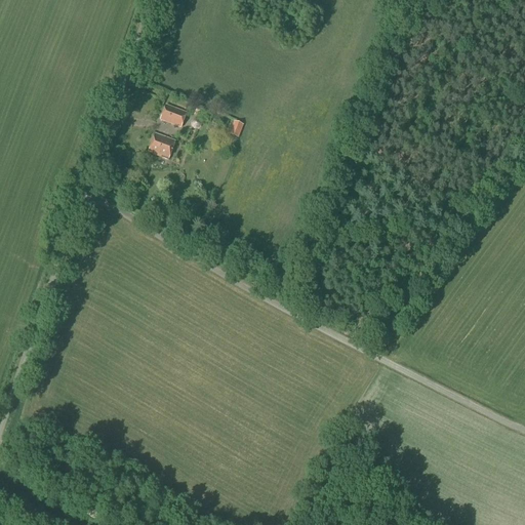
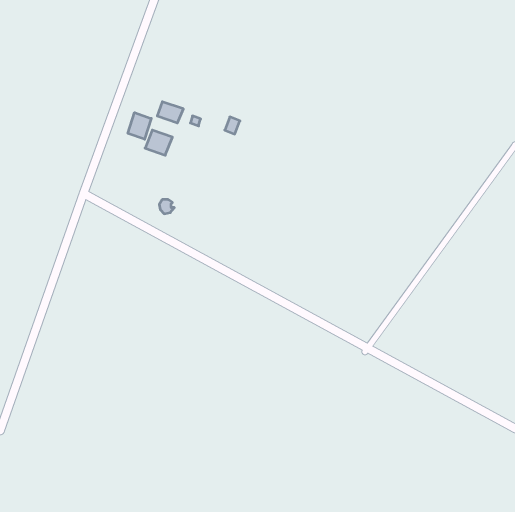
building: none -> [128,113,151,139]

